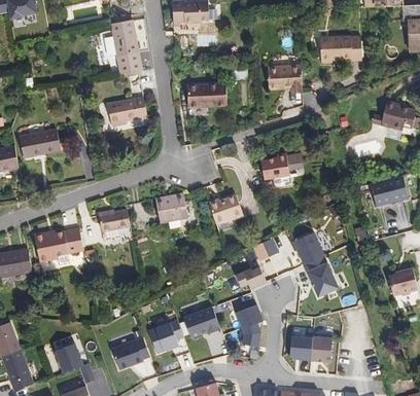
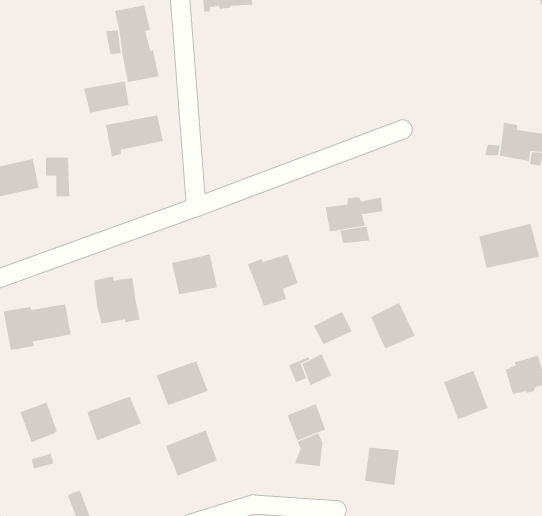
building: [320,38,362,64] -> none
building: [269,66,304,89] -> none
building: none -> [84,80,129,114]
building: [187,84,228,109] -> none
building: [306,261,338,296] -> [443,370,488,420]
building: [183,305,220,337] -> [156,360,208,406]
building: [310,333,332,360] -> none
building: [112,336,151,368] -> [86,396,142,441]
building: [56,343,82,371] -> [19,402,57,443]

